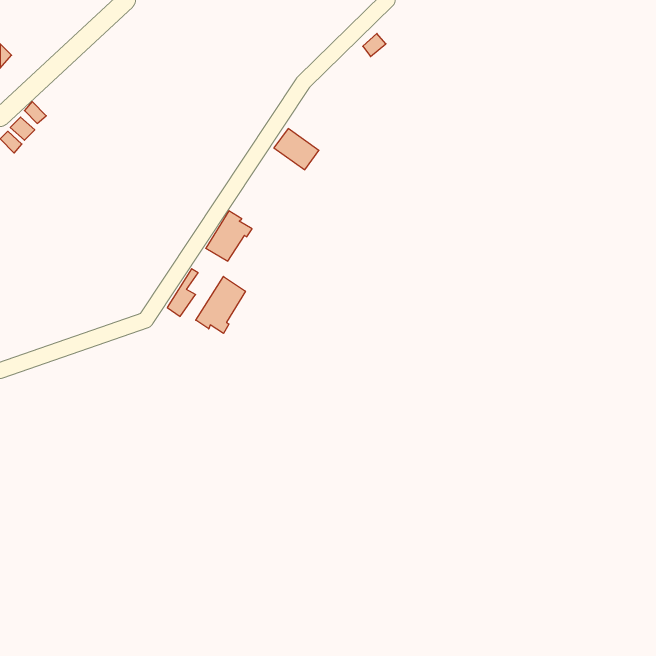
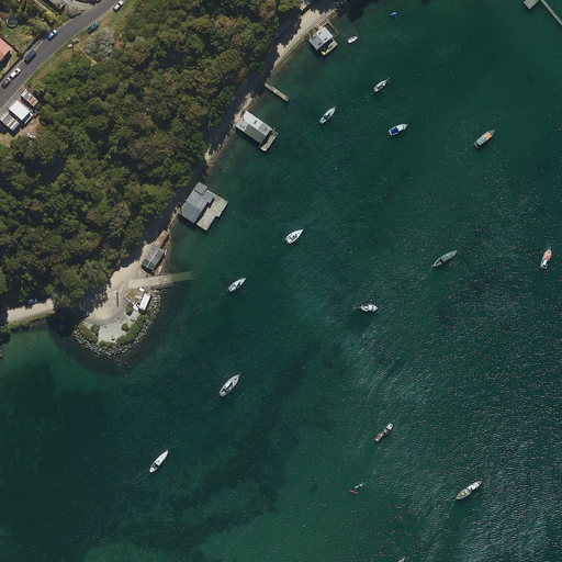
building: [196,276,245,333] -> none

